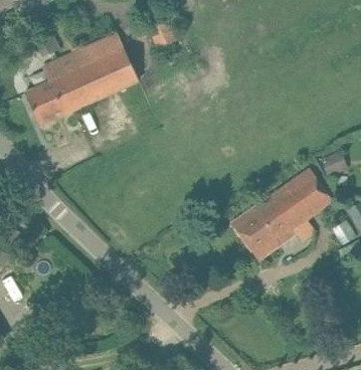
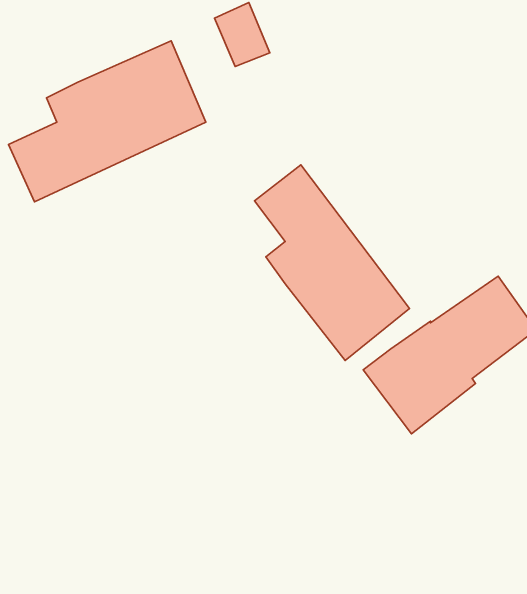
building: none -> [254,165,409,361]

